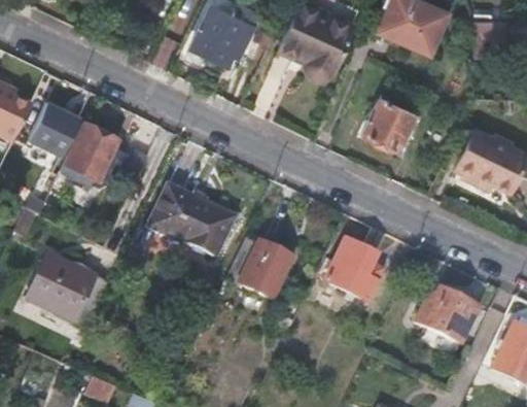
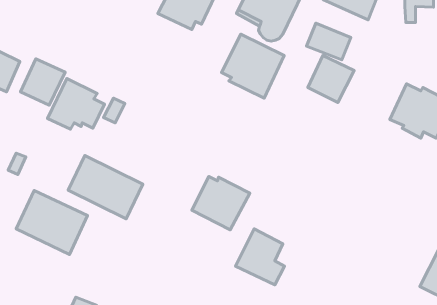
building: none -> [306,23,351,60]
building: none -> [221,34,284,98]
building: [149,182,236,256] -> [68,156,143,219]
building: [323,236,380,301] -> [236,229,285,285]
building: [414,285,481,345] -> none

